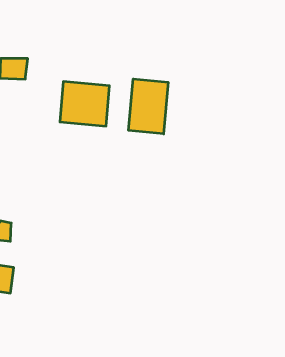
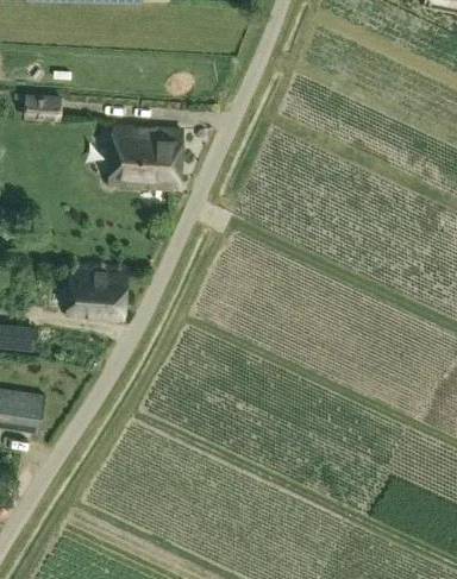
building: [129,79,168,134] -> none
building: none -> [67,269,127,317]

